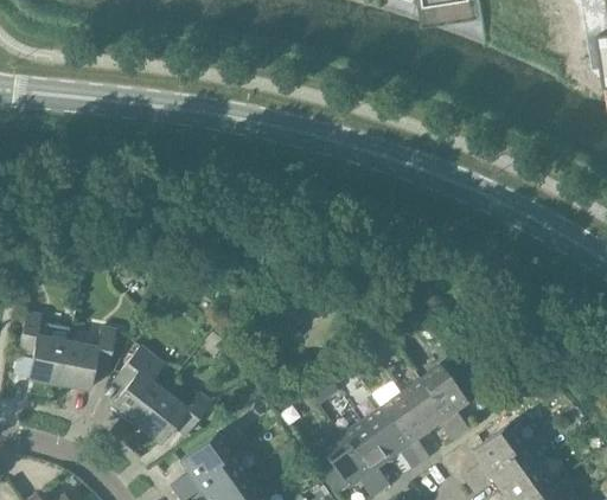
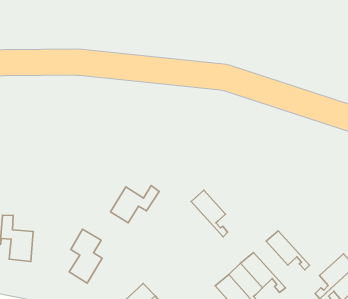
building: [59,327,116,390] -> none
building: [420,365,477,435] -> none
building: [136,391,210,443] -> [110,186,159,223]
building: [381,393,428,463] -> [191,190,228,237]

